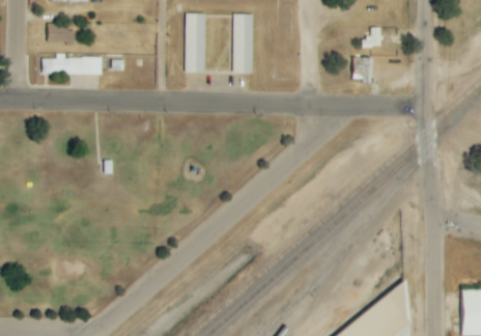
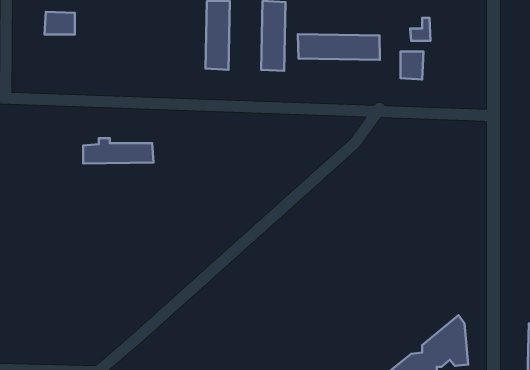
building: none -> [298,34,380,60]
building: [41,53,102,75] -> [83,138,153,164]

